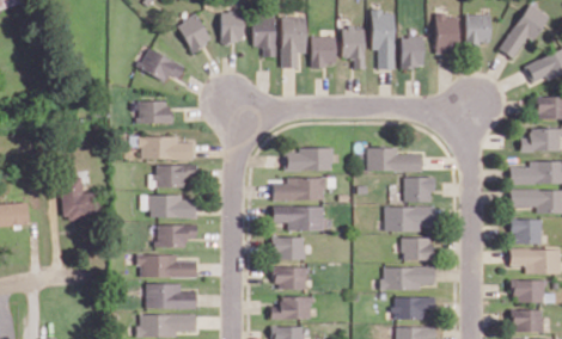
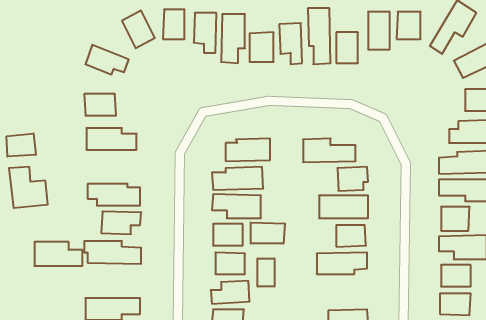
building: none -> [7,133,36,157]
building: [148,165,196,186] -> none
building: none -> [251,222,285,244]
building: none -> [258,258,274,287]
building: [146,283,196,308] -> [34,242,82,266]
building: [392,297,434,319] -> none

